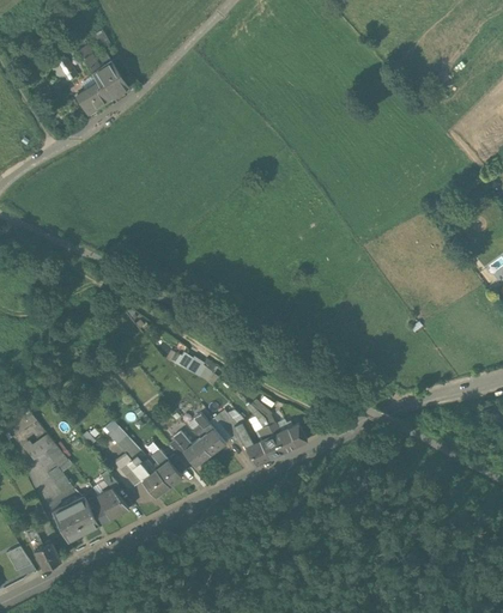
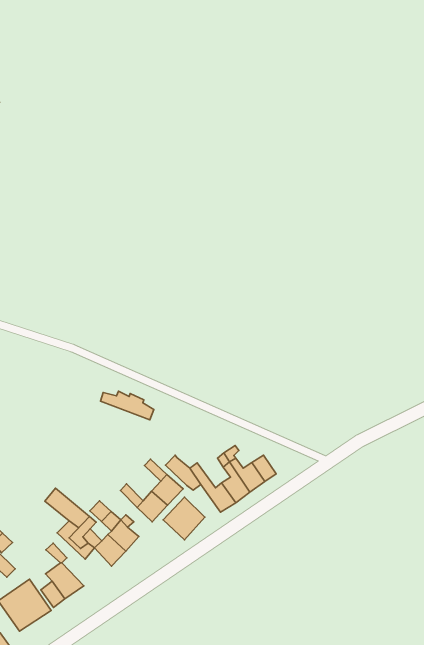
building: none -> [163,497,205,540]

